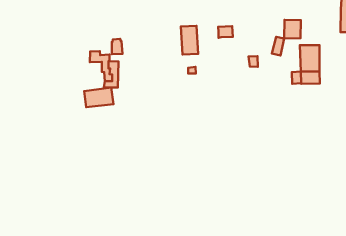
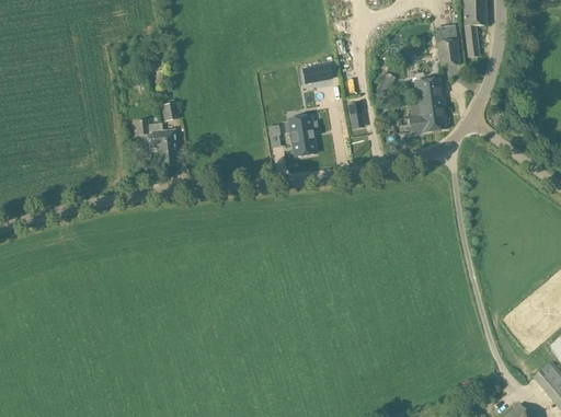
building: [284,20,301,39] -> [437,38,461,66]
building: [181,26,198,55] -> [290,121,318,162]
building: [84,88,113,107] -> none

